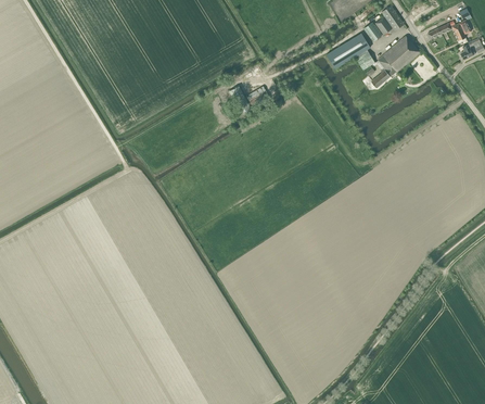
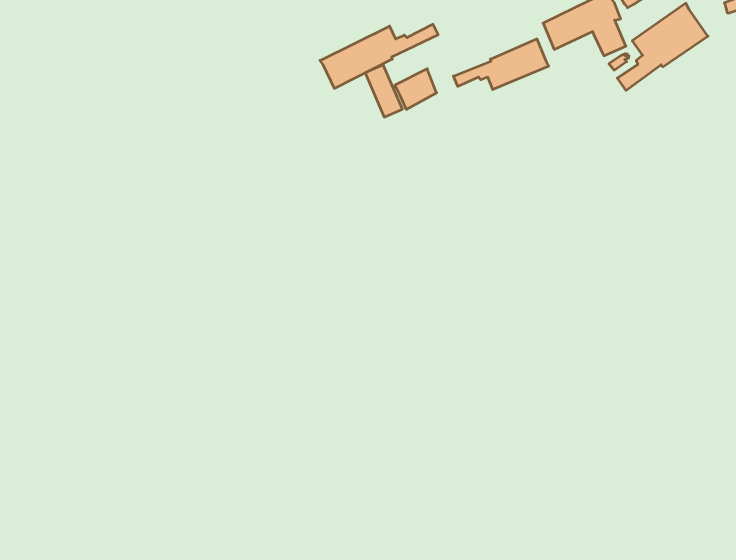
building: none -> [320,24,438,88]
building: none -> [453,39,549,90]

